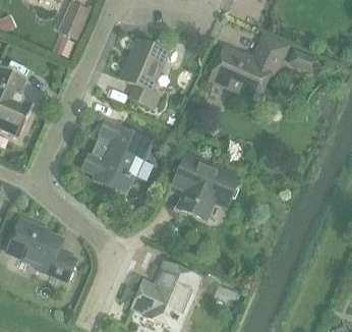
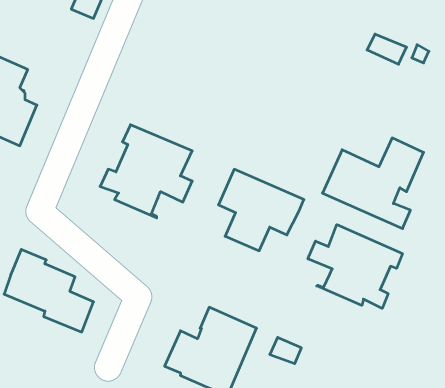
building: [209,36,287,106] -> [322,138,424,229]
building: [121,39,168,107] -> none
building: none -> [308,225,402,308]

